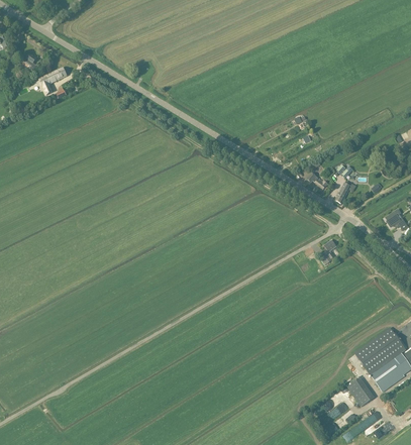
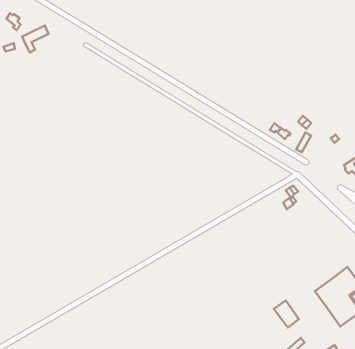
building: [347,376,375,406] -> [274,300,299,327]

